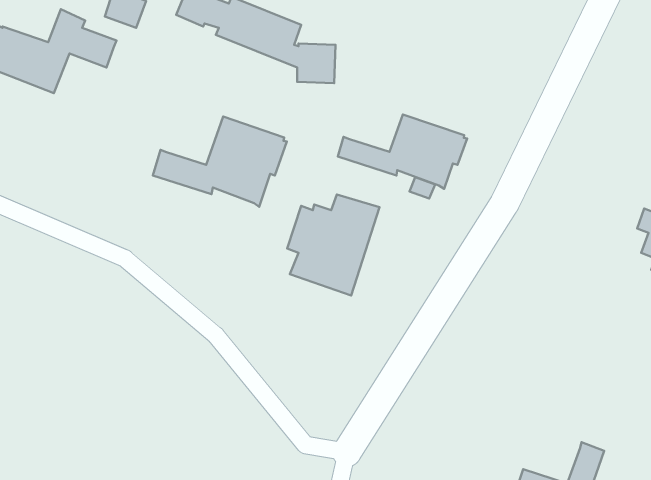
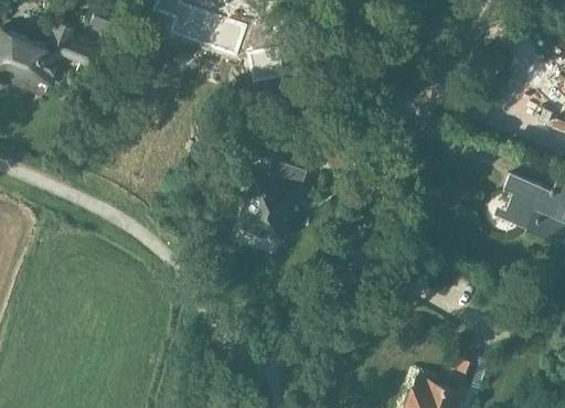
building: [338,115,467,189] -> none
building: [153,117,287,207] -> none

